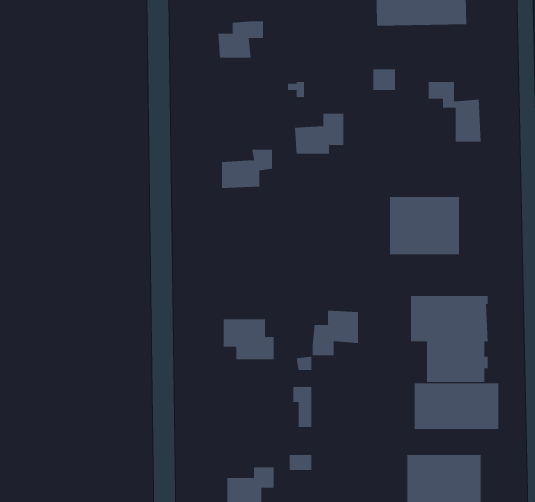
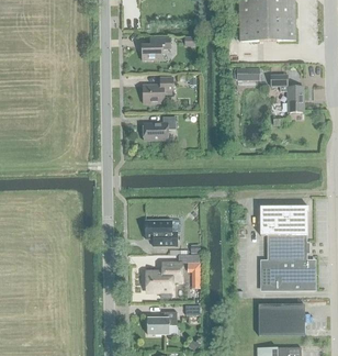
building: [294,113,344,154] -> [143,77,173,102]
building: [389,196,460,255] -> none
building: [312,310,359,356] -> none
building: none -> [146,263,181,294]

